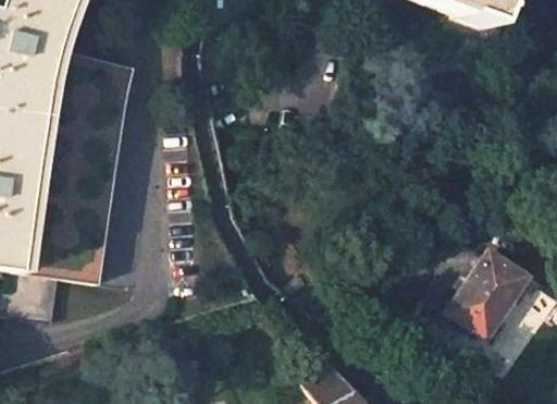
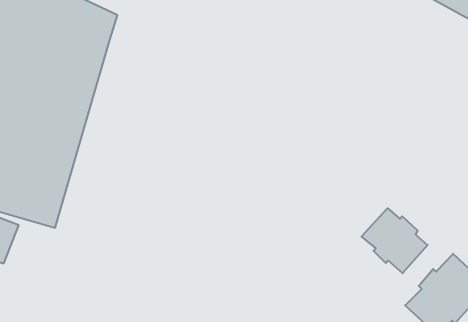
building: none -> [362,208,428,273]

